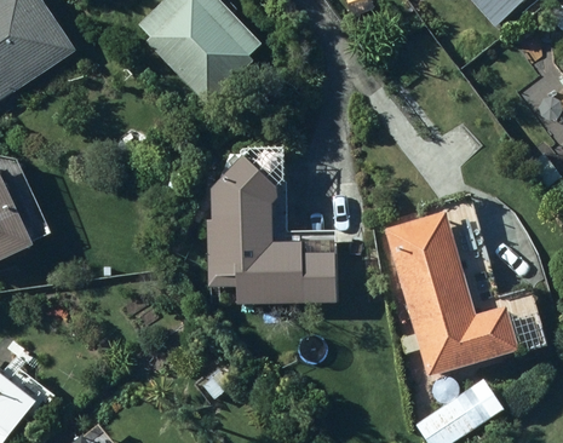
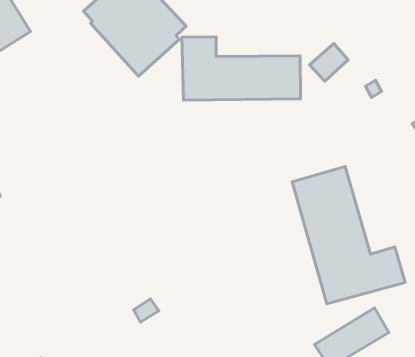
building: none -> [182,37,300,100]
building: [208,148,337,303] -> none

